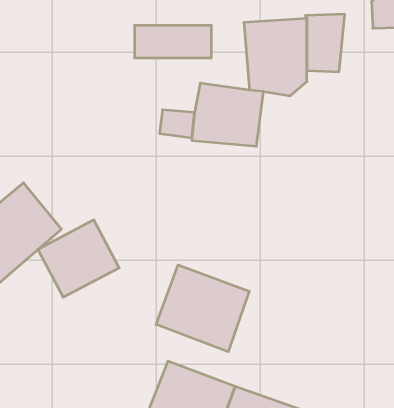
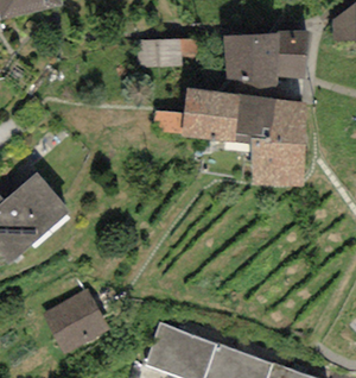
building: none -> [235,94,305,184]
building: [38,220,119,297] -> [42,288,110,353]
building: [156,265,249,352] -> none

